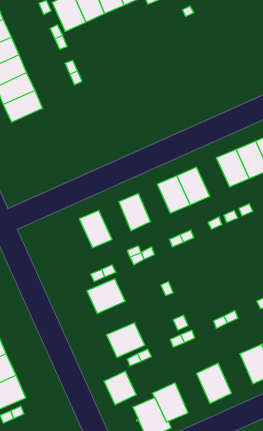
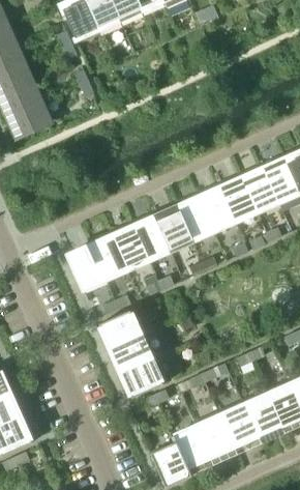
building: none -> [221,176,258,219]
building: none -> [157,205,192,247]
building: none -> [114,225,149,266]
building: none -> [69,243,107,286]
building: none -> [112,335,153,372]
building: none -> [245,393,283,436]
building: [104,371,136,405] -> none
building: none -> [198,414,236,458]

